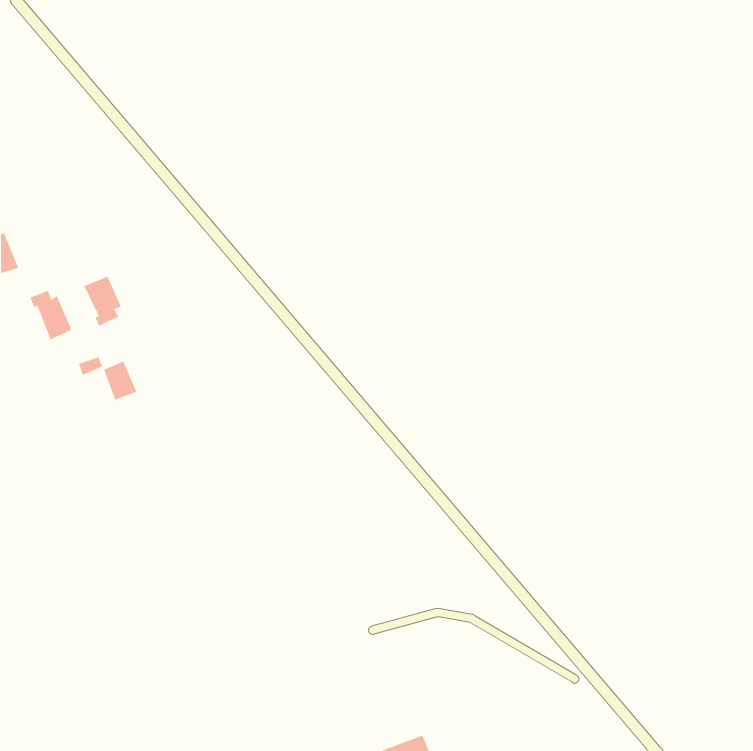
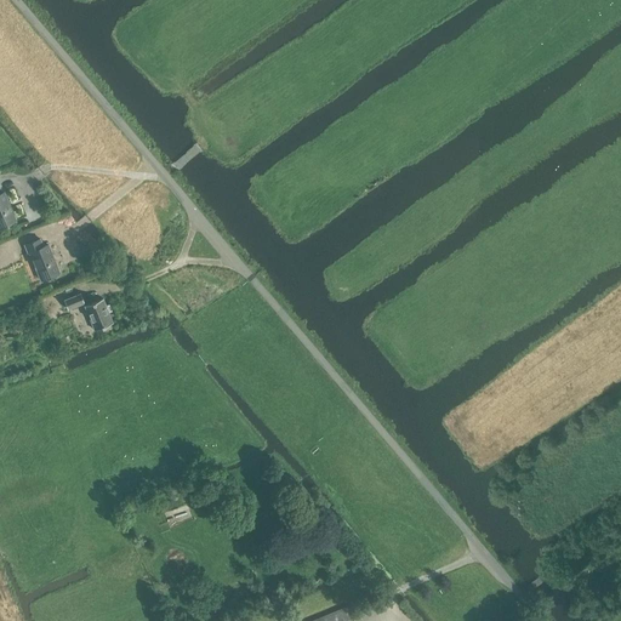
building: [83,276,122,327] -> none

